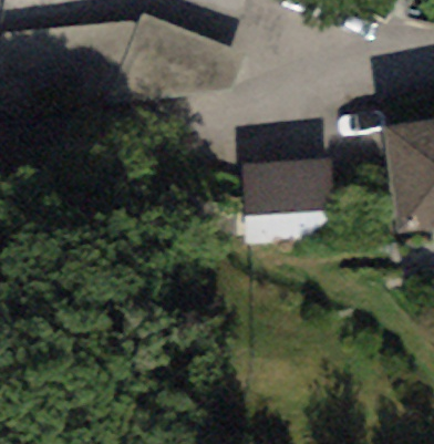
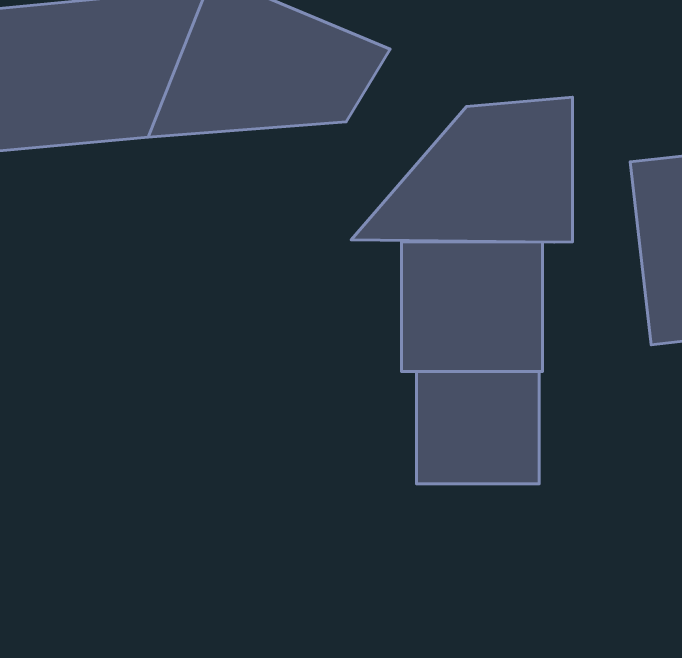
building: none -> [351,97,573,242]
building: none -> [416,372,539,484]

